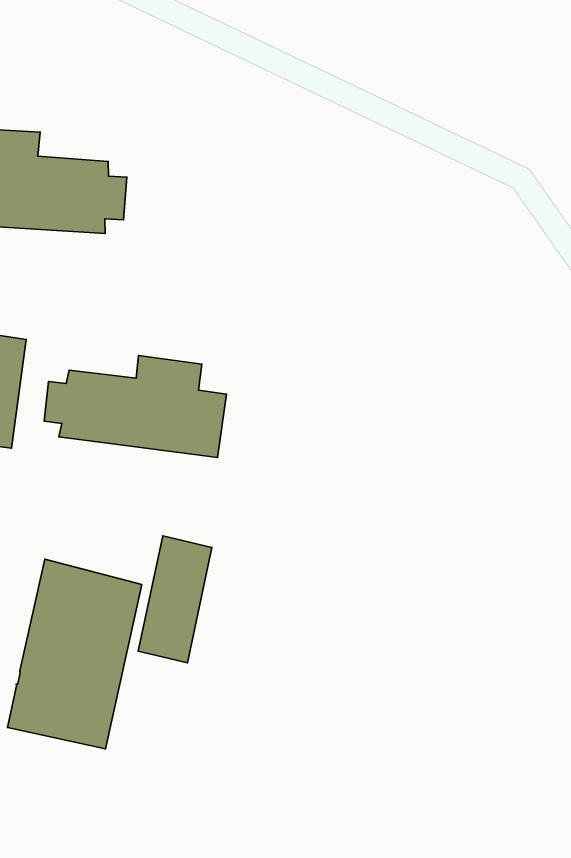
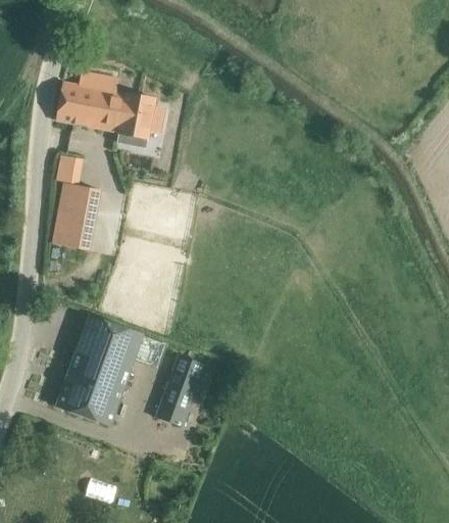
building: [44,356,226,458] -> none
building: [138,536,212,663] -> [157,354,206,427]

